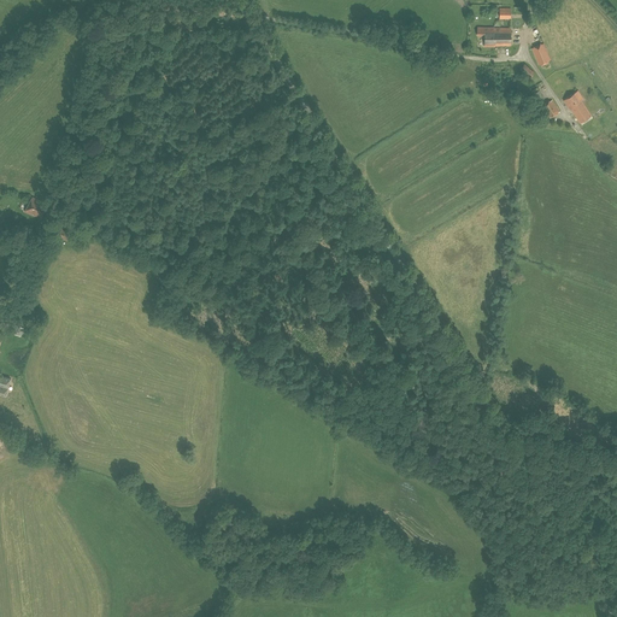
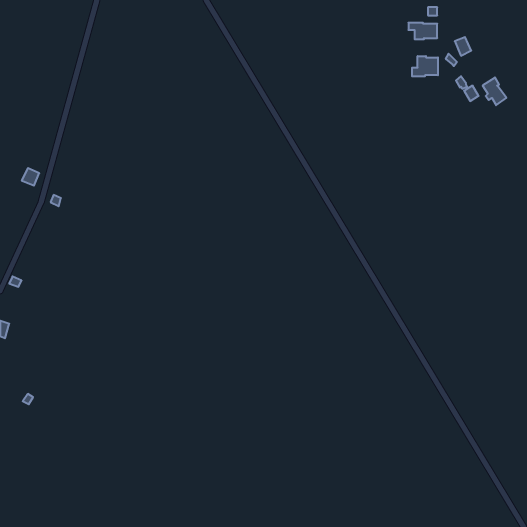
building: none -> [412,56,438,76]

